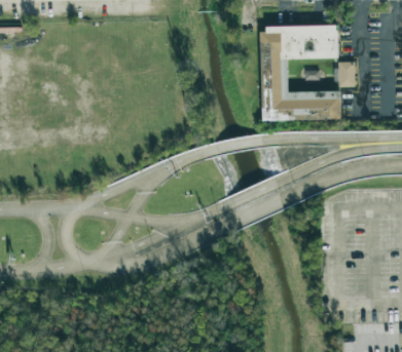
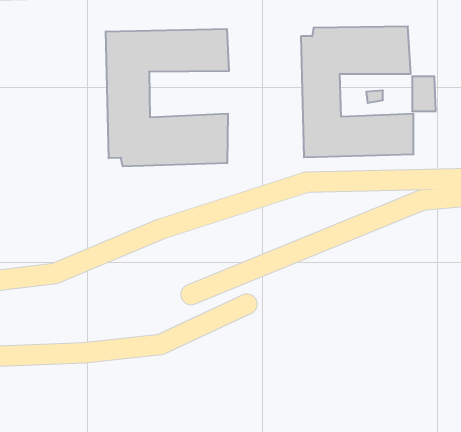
building: none -> [106,29,229,166]

